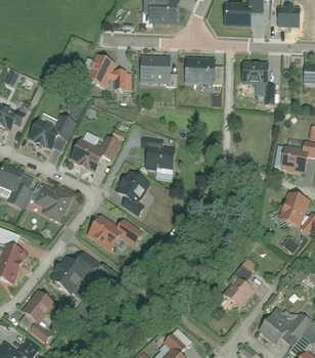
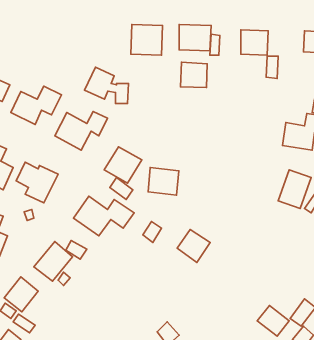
building: [84,54,125,88] -> [85,67,129,103]
building: none -> [181,62,207,87]
building: [147,146,176,172] -> [148,168,179,195]
building: [223,276,254,307] -> [177,229,210,262]

